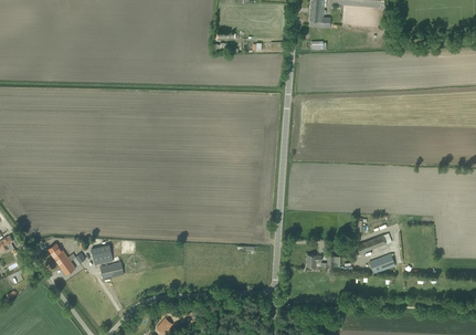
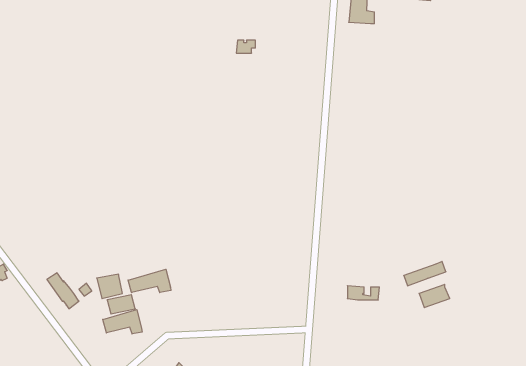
building: none -> [128,269,171,293]
building: none -> [103,310,142,334]

